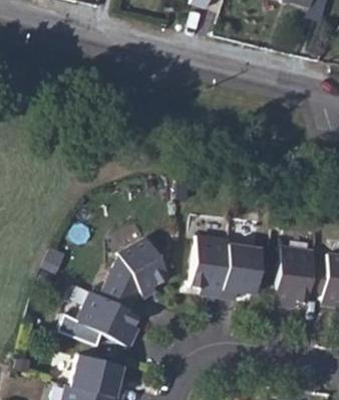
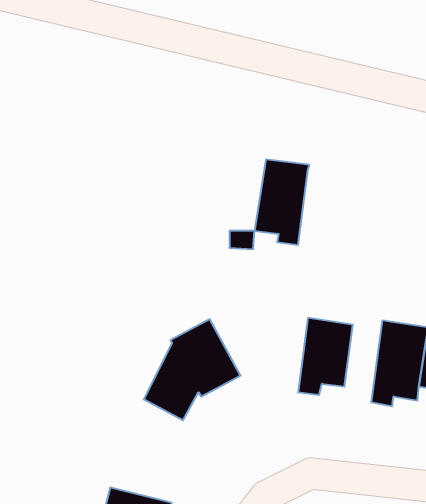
building: [183,231,222,292] -> [255,159,309,245]
building: [78,292,141,350] -> none

